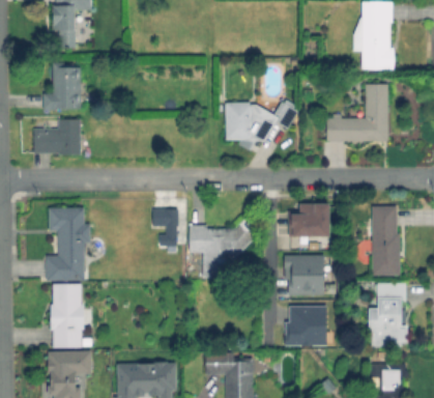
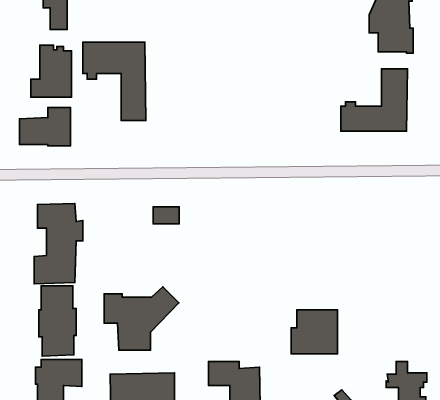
building: none -> [83,42,146,121]
building: [226,100,298,150] -> none
building: [289,203,330,236] -> none
building: [373,205,401,275] -> none
building: [191,219,259,277] -> [104,287,179,350]
building: [286,254,324,293] -> none
building: [370,284,407,347] -> none

